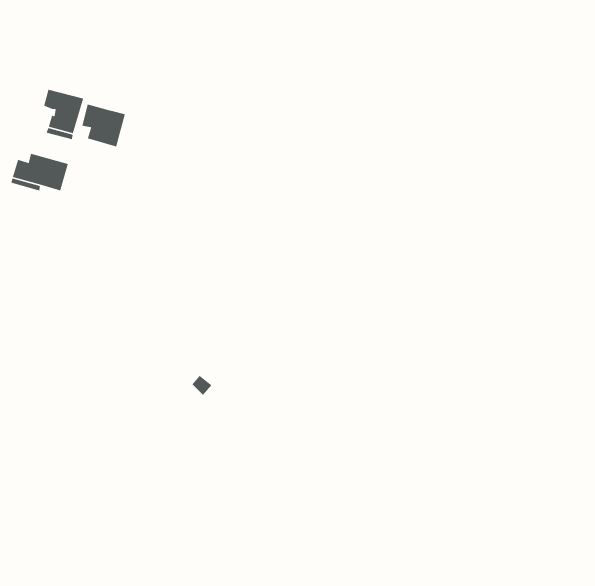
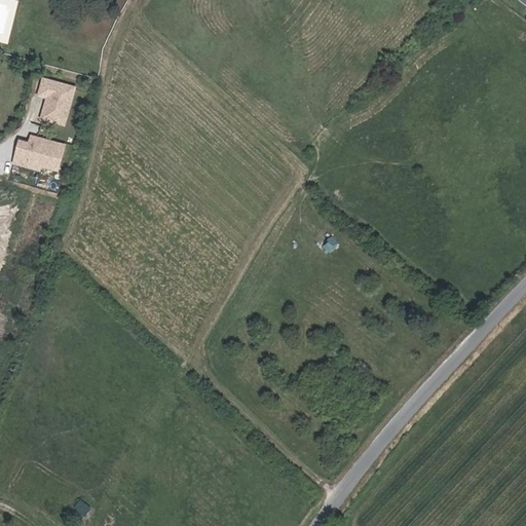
building: [82,103,126,147] -> none

